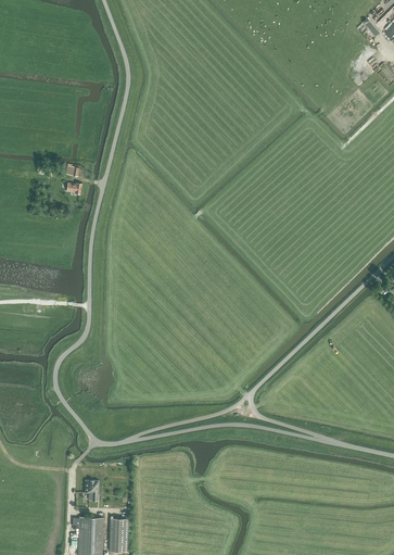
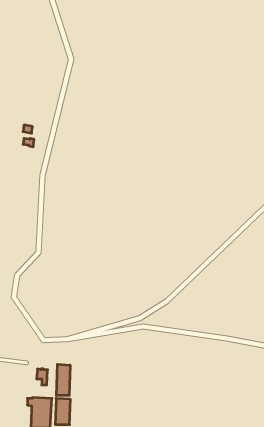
building: none -> [56,364,70,396]

